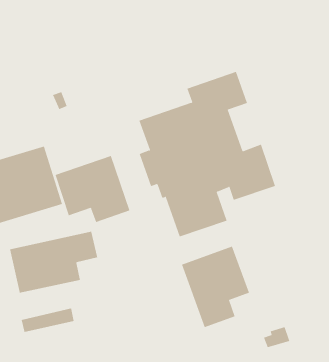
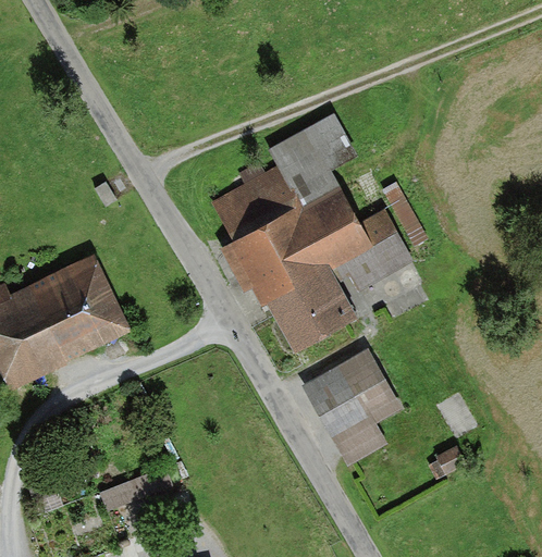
building: [55,155,130,223] -> none
building: [10,231,98,293] -> none

